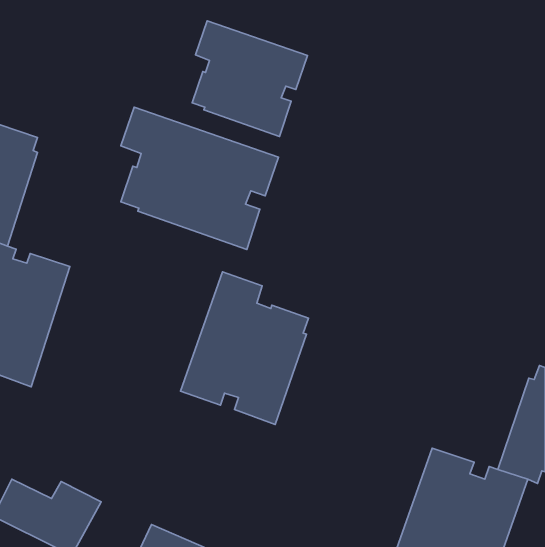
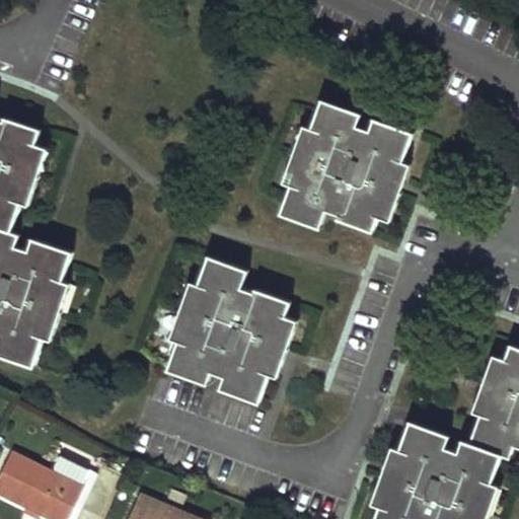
building: [192,21,307,136] -> none
building: none -> [283,102,411,230]
building: [121,107,279,249] -> none

